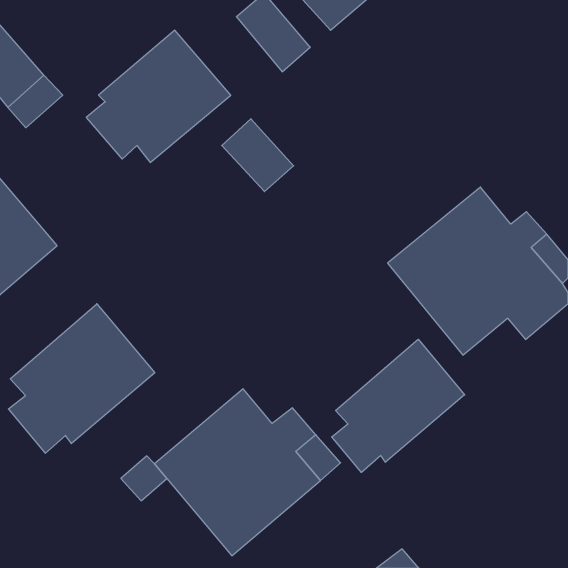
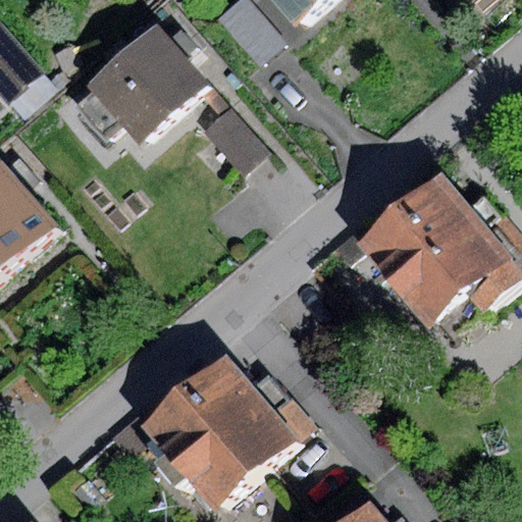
building: [8,304,155,453] -> none
building: [332,339,465,472] -> none

